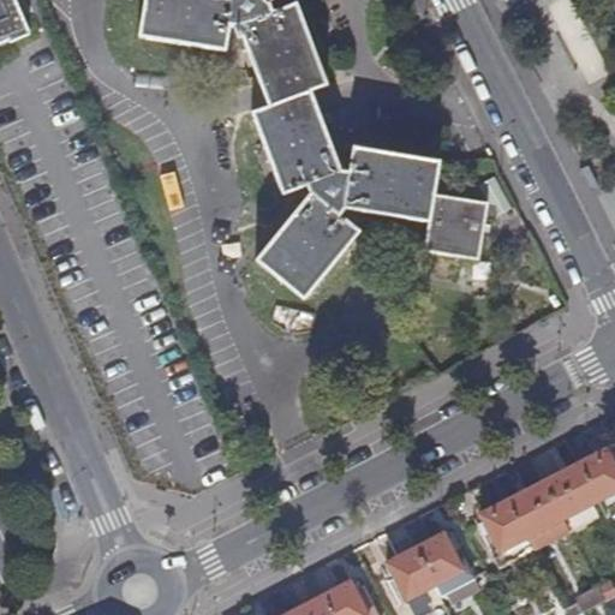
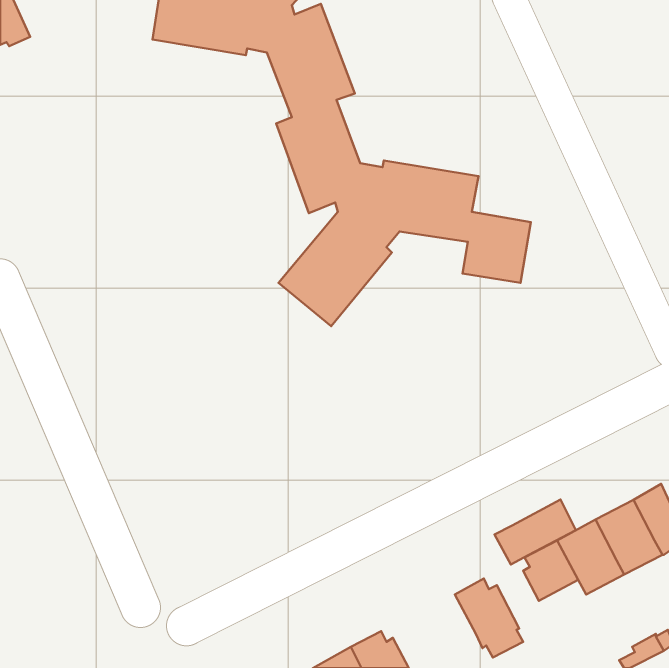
building: none -> [495,499,576,564]
building: [388,543,437,596] -> none

